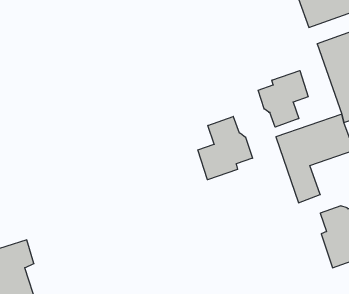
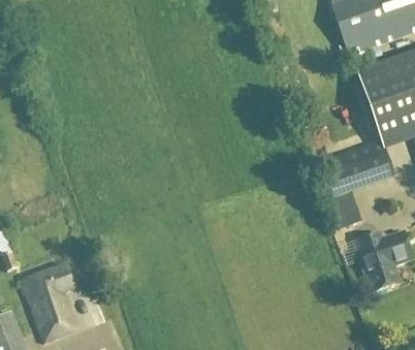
building: [258,71,308,127] -> none
building: [198,116,253,180] -> none

